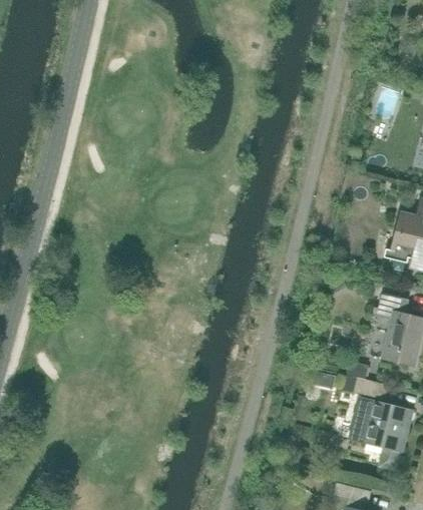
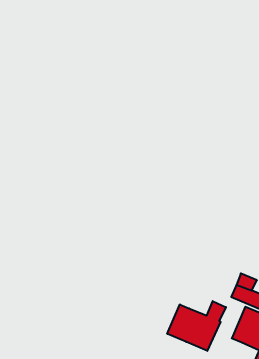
building: none -> [167,301,226,351]

